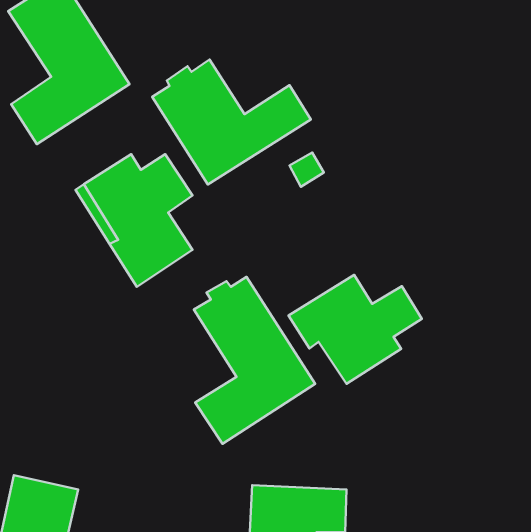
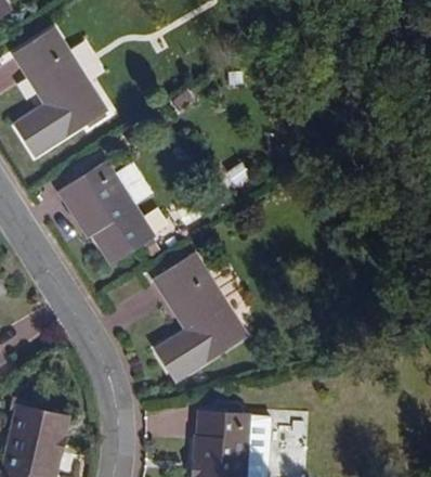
building: [152,59,311,184] -> none
building: [288,275,422,384] -> none

